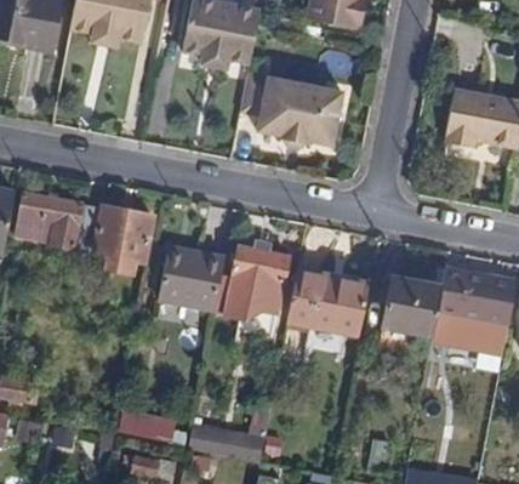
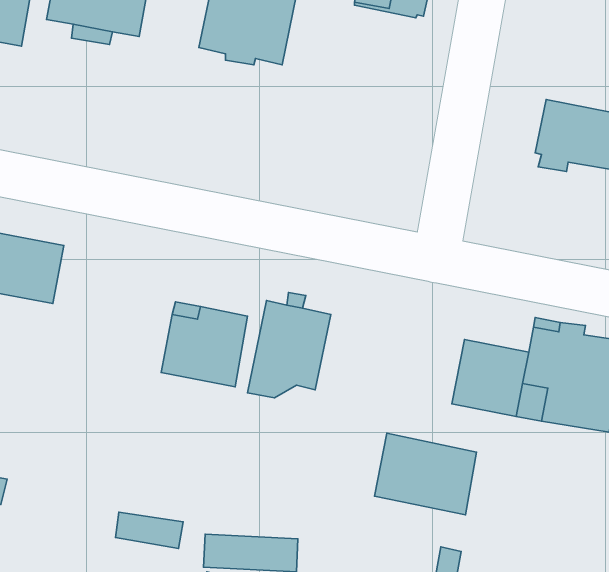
building: [253,73,347,149] -> none
building: [78,206,153,274] -> none
building: [287,273,366,336] -> [374,433,477,515]

